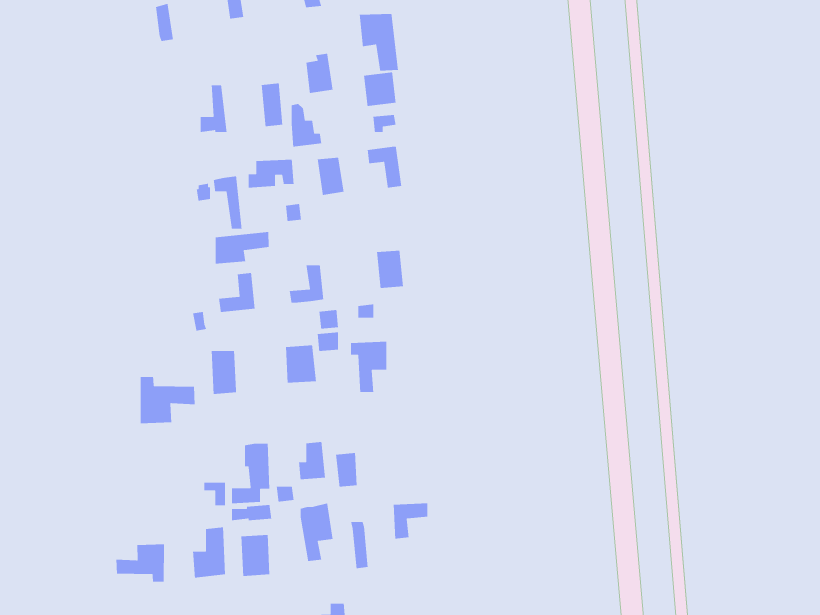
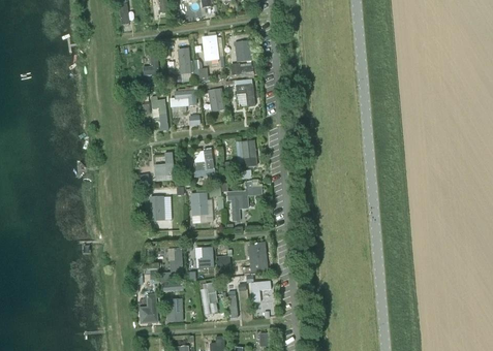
building: [359,13,399,71] -> none
building: [215,231,270,265] -> none
building: [140,376,196,424] -> none
building: none -> [248,242,268,274]
building: [116,543,165,583] -> none

